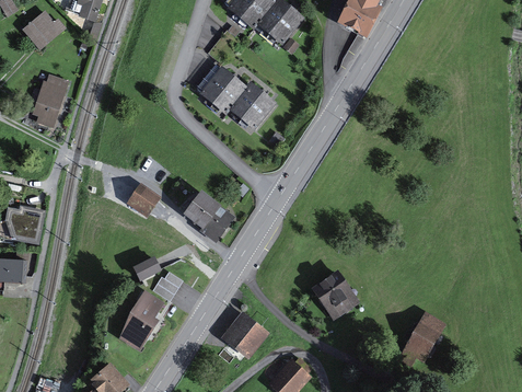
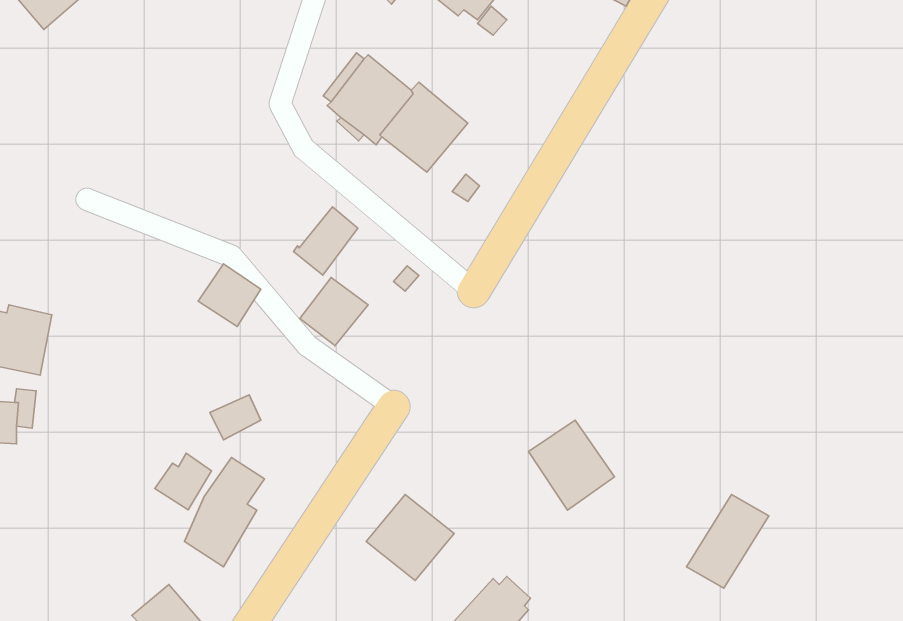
building: [32,73,69,127] -> none
building: [199,205,235,243] -> [293,207,358,275]
building: [151,270,183,302] -> [155,453,212,510]

